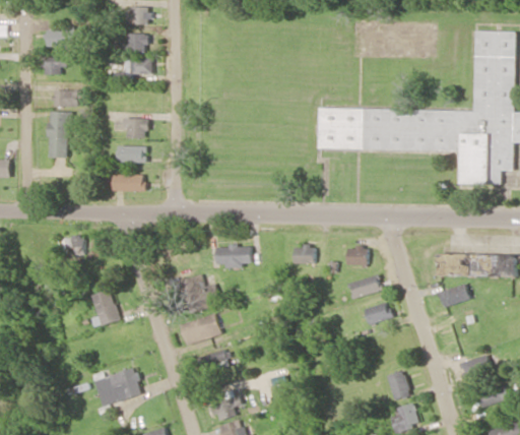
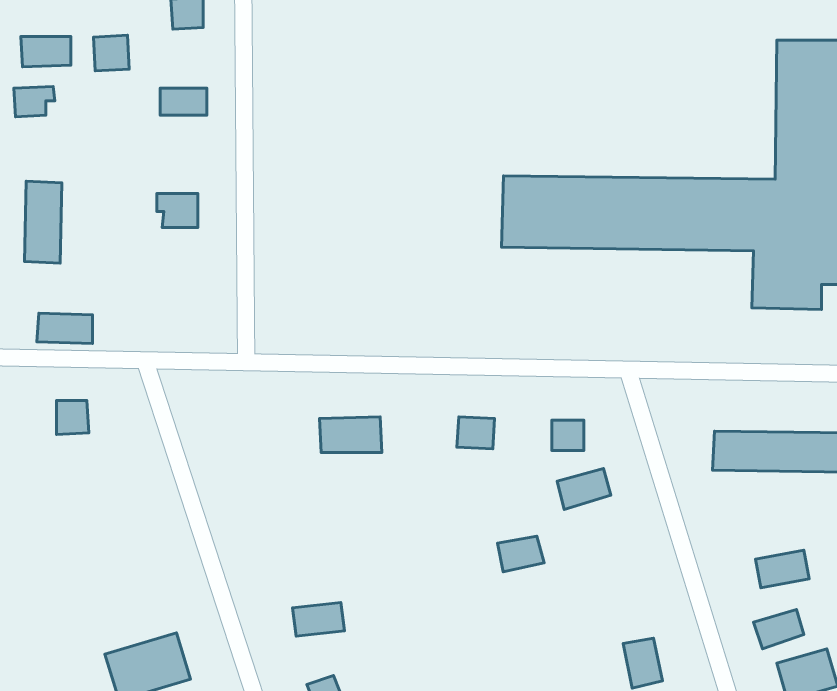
building: [126,33,146,53] -> [93,35,129,71]
building: [53,89,77,107] -> none
building: [116,145,145,162] -> none
building: [112,174,143,191] -> [37,313,92,344]
building: [179,274,219,312] -> none
building: [439,285,469,306] -> [756,550,809,588]
building: [90,289,119,327] -> none
building: [364,303,390,323] -> [498,536,544,572]
building: [181,313,224,351] -> none

